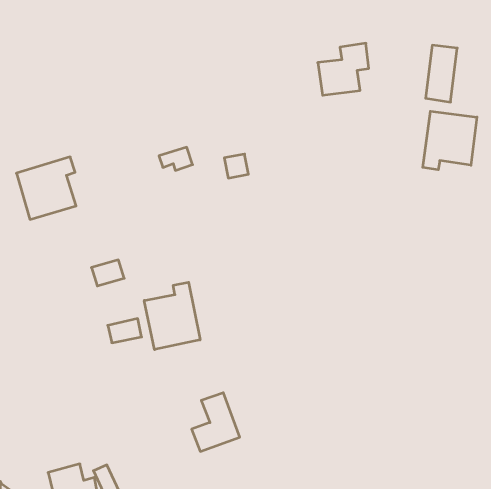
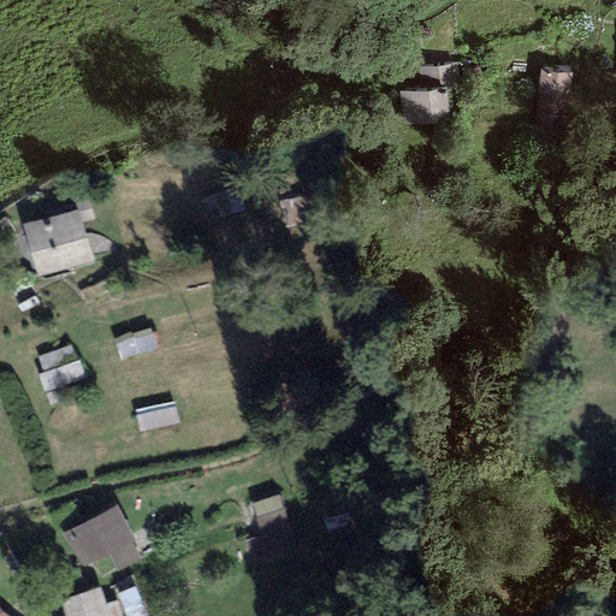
building: [423,111,477,170] -> none
building: none -> [37,345,87,391]
building: [144,282,200,350] -> none
building: none -> [65,502,142,571]

